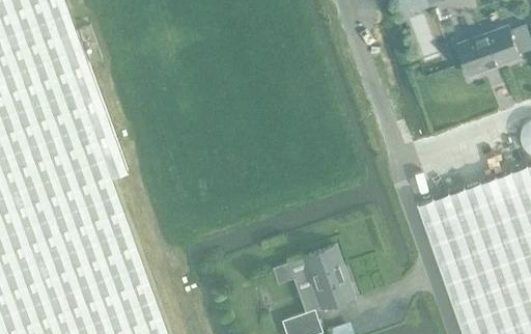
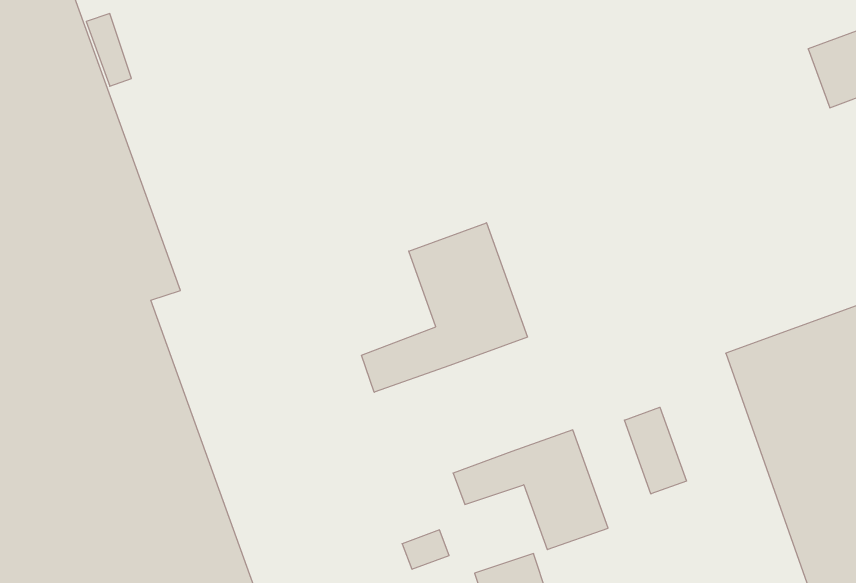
building: none -> [362,223,528,392]
building: none -> [624,407,686,494]

